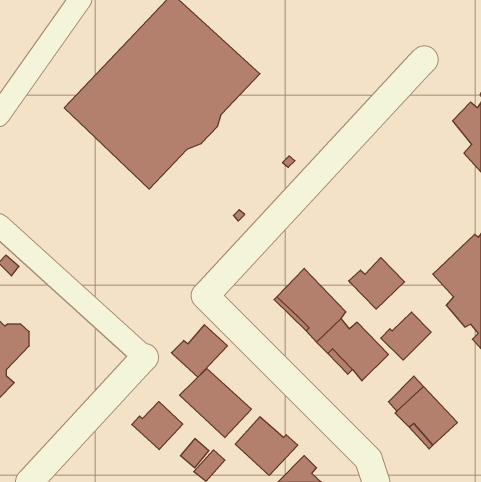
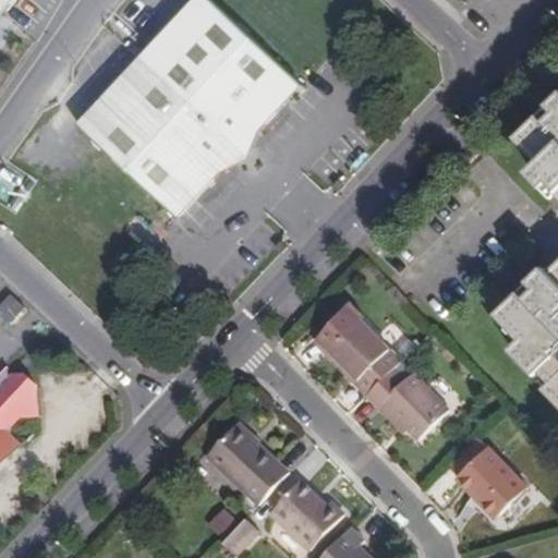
building: [349,258,405,309] -> none
building: [381,312,431,360] -> none
building: [171,325,227,377] -> none
building: [132,402,183,450] -> none

